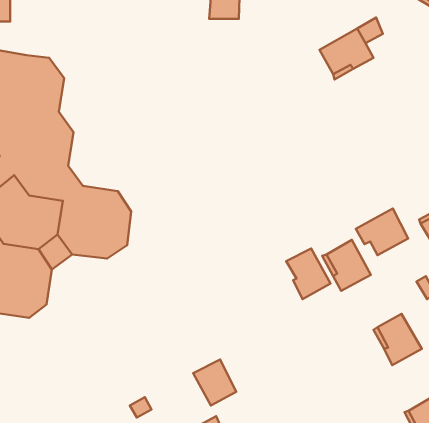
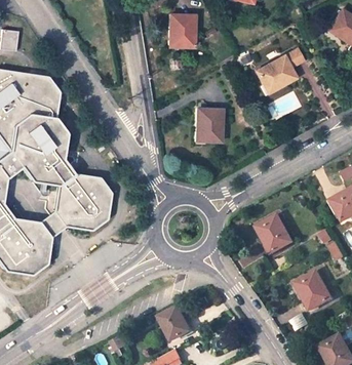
building: none -> [194,107,220,140]
building: [356,208,408,255] -> none
building: [286,248,330,299] -> none

